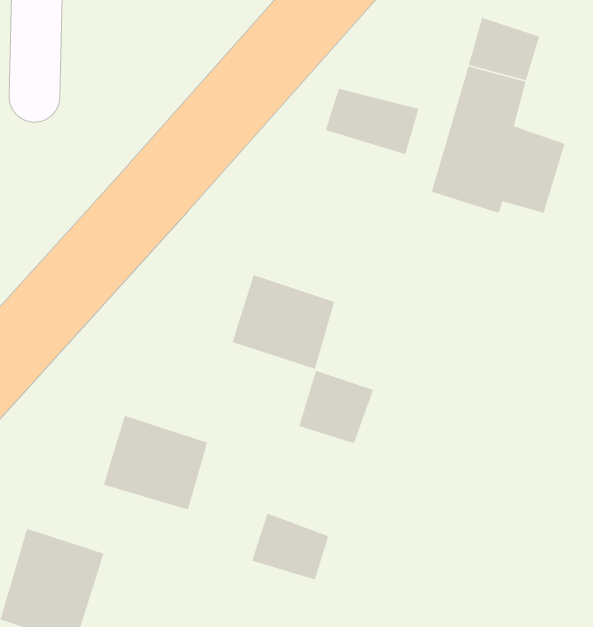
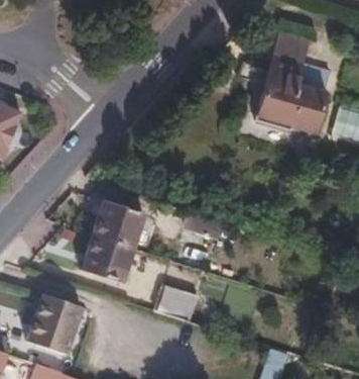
building: [325,88,420,155] -> none
building: [232,274,335,370] -> [93,198,146,248]

